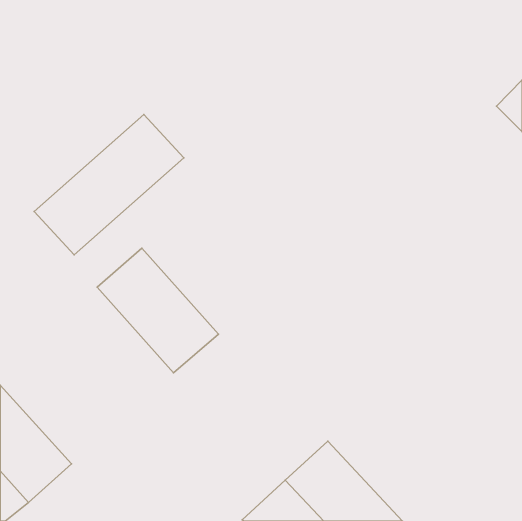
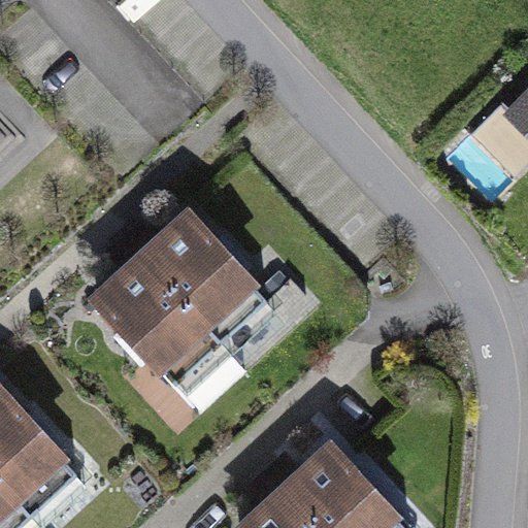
building: [34,115,184,255] -> none
building: none -> [143,210,265,337]

